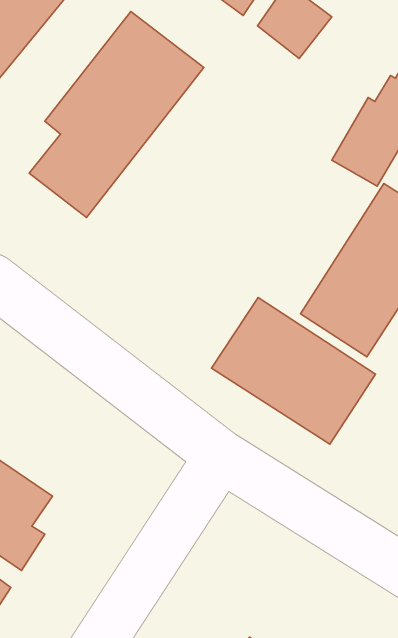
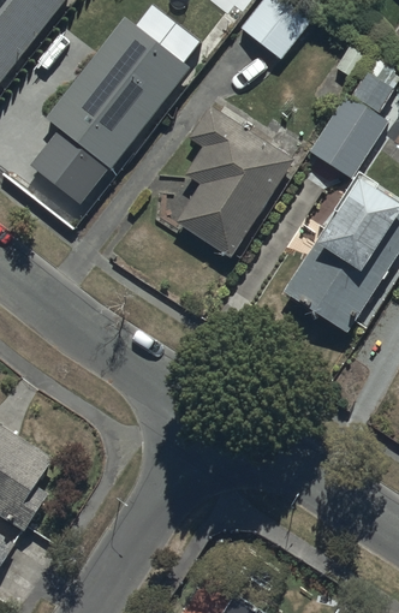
building: none -> [175,103,296,257]
building: [212,297,375,444] -> none

